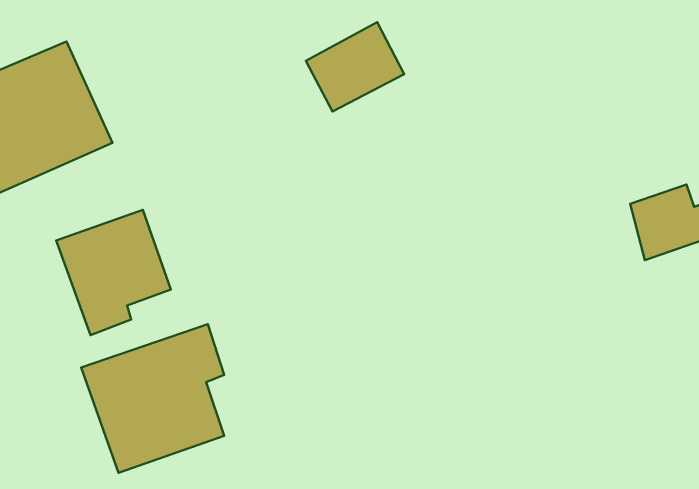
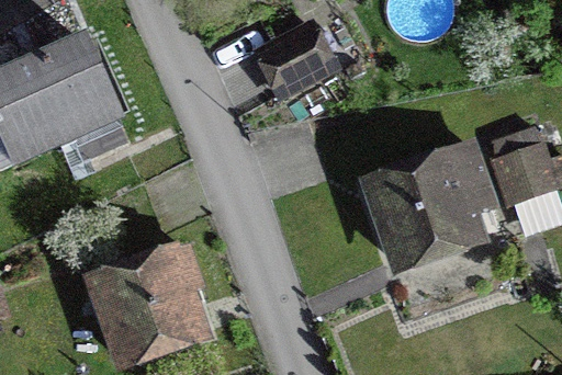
building: none -> [370,147,492,261]
building: [56,210,171,335] -> none

